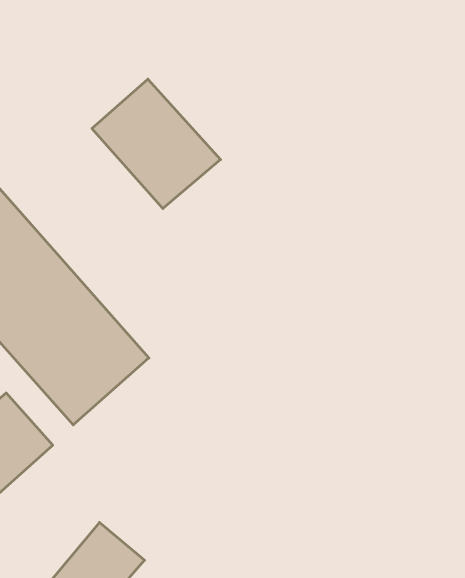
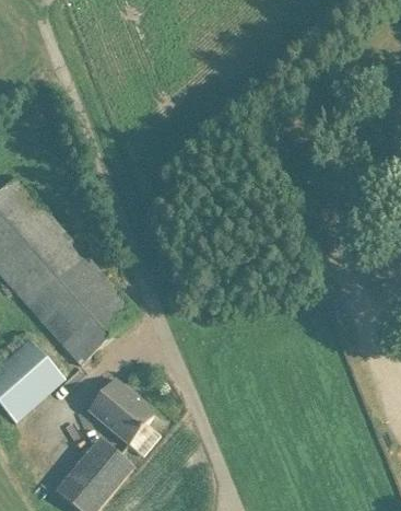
building: [92,79,221,209] -> none
building: none -> [87,376,153,443]

